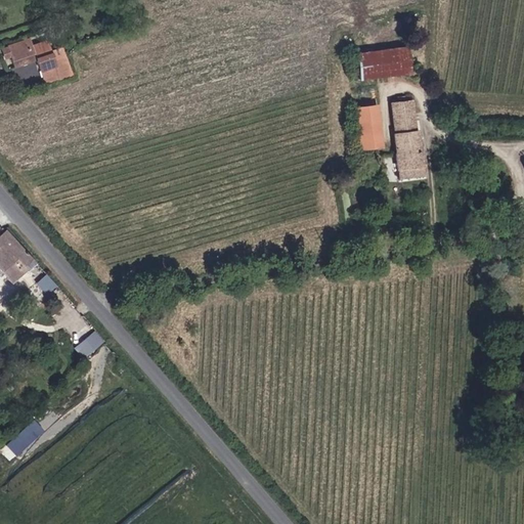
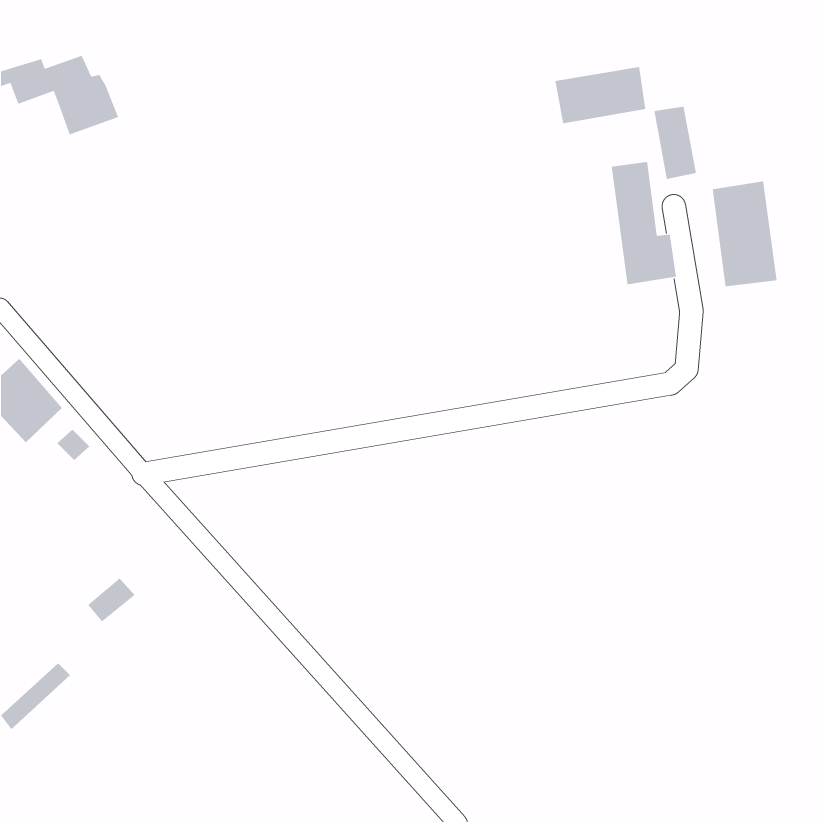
building: [355,103,383,150] -> [653,106,697,180]
building: none -> [712,181,777,287]
building: [76,330,106,358] -> [87,577,136,623]

